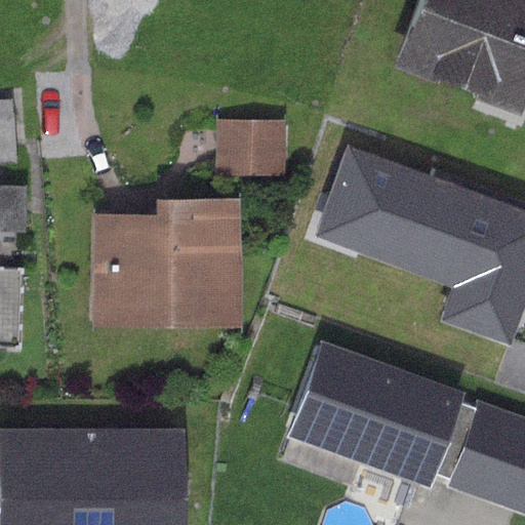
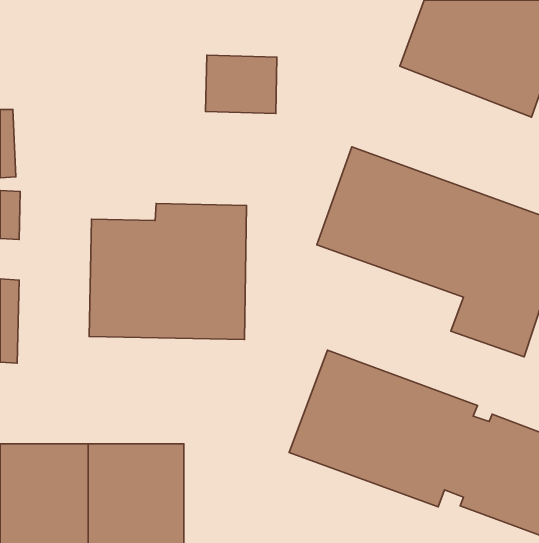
building: [217,120,286,176] -> [206,55,277,114]

